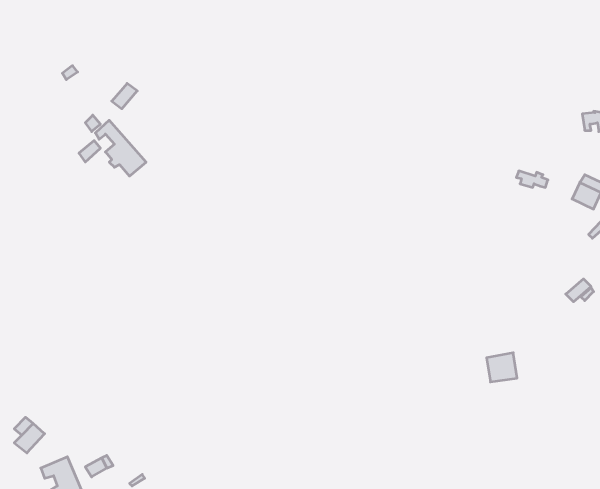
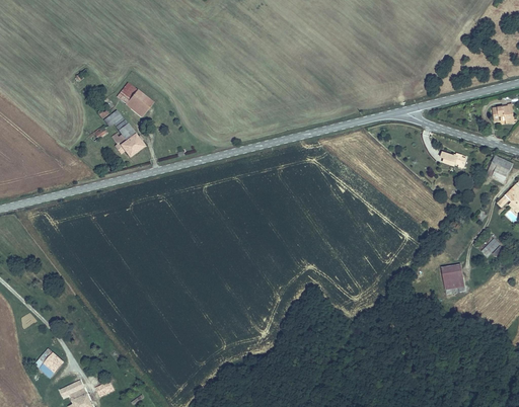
building: none -> [126,88,154,116]
building: [487,353,517,382] -> [440,263,464,287]

